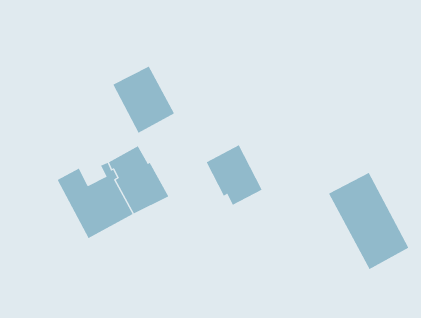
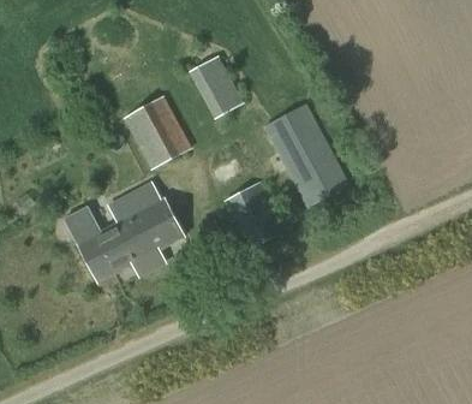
building: none -> [189,54,246,119]
building: [328,172,409,270] -> [263,103,351,209]

